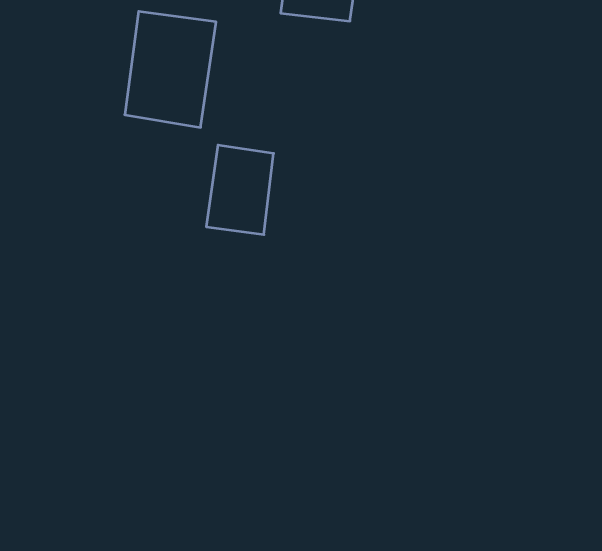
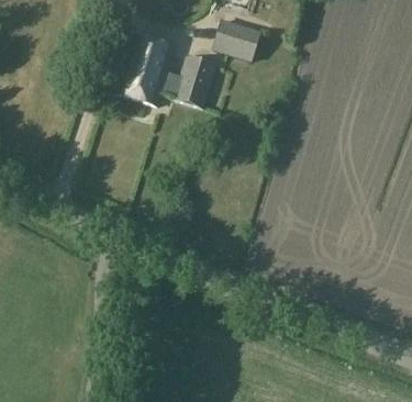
building: [206,145,274,235] -> [171,54,216,109]

